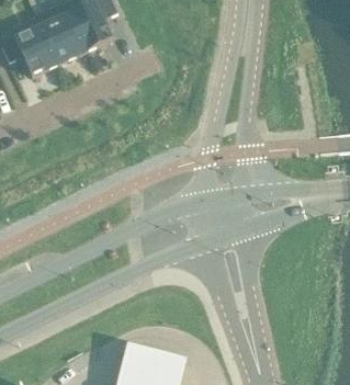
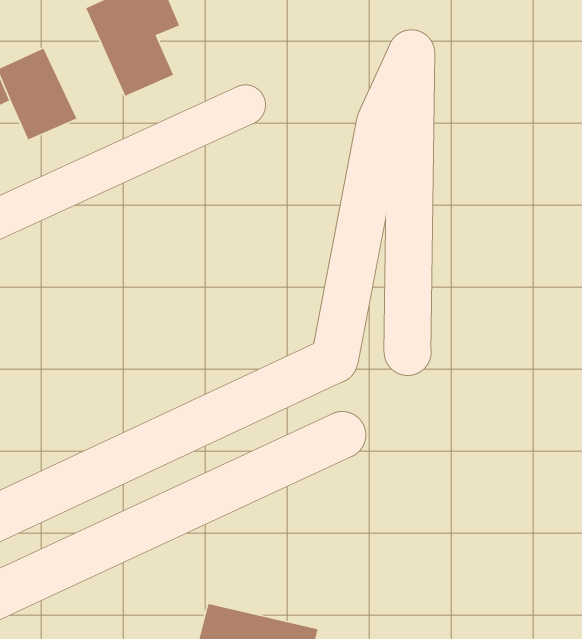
building: [32,5,81,67] -> none

